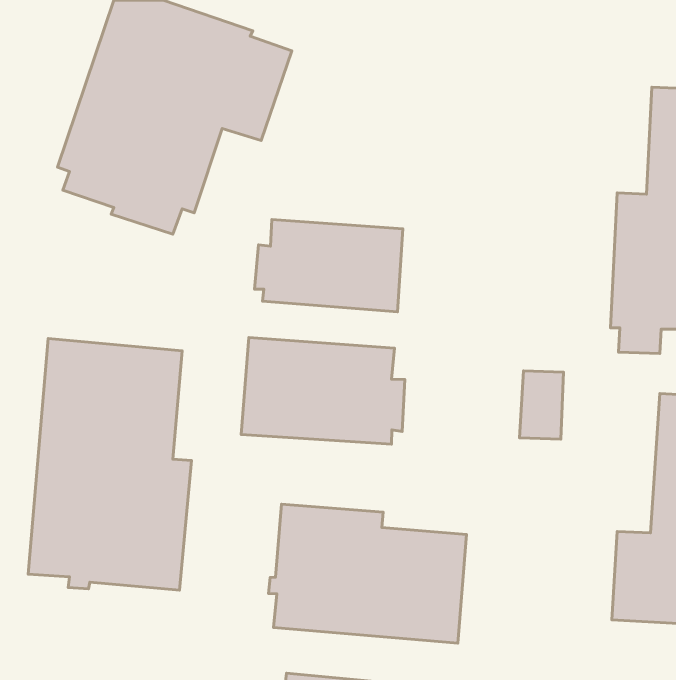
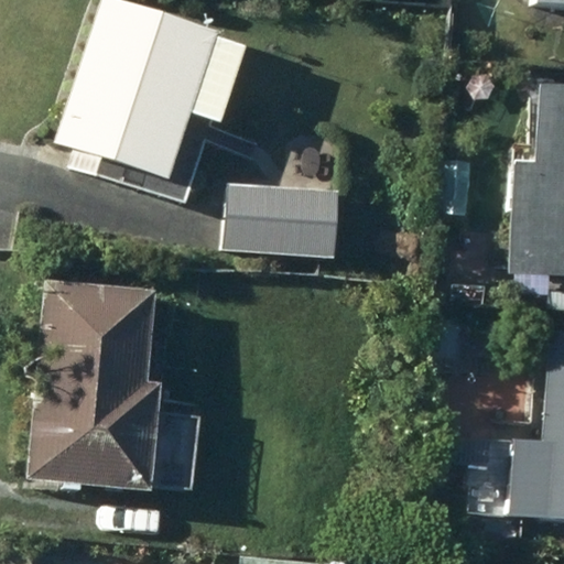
building: [241,338,405,444] -> none
building: [268,504,467,643] -> none

